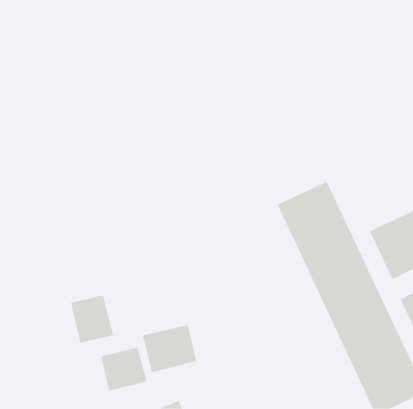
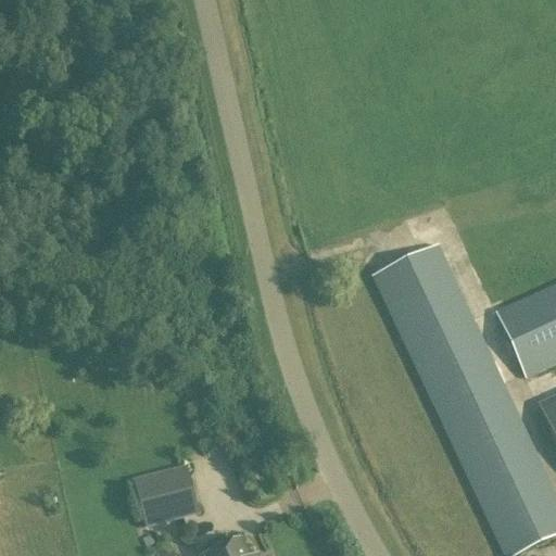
building: [71,295,114,344] -> none
building: [142,324,197,373] -> none

